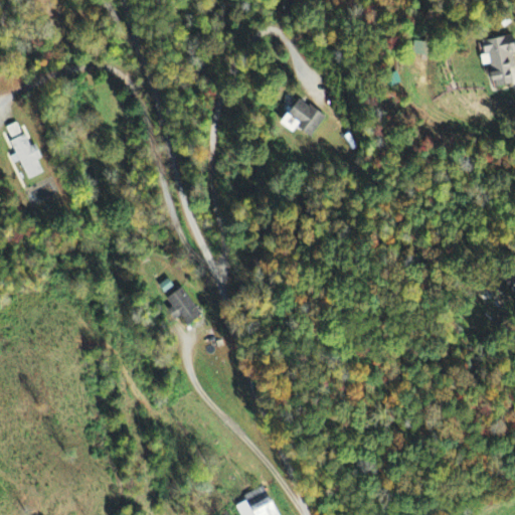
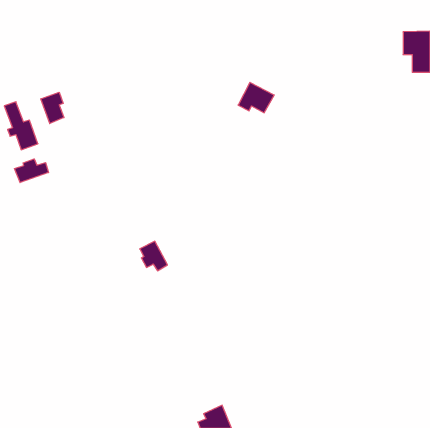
building: none -> [41,92,64,124]
building: none -> [14,159,48,183]

